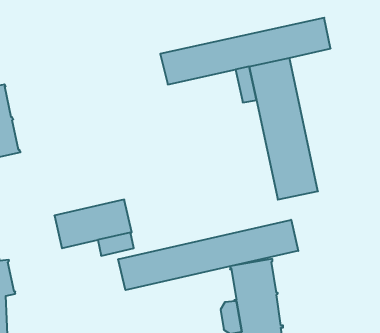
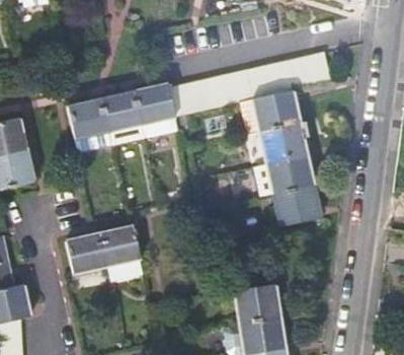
building: none -> [70,82,176,136]
building: [118,220,298,290] -> none

